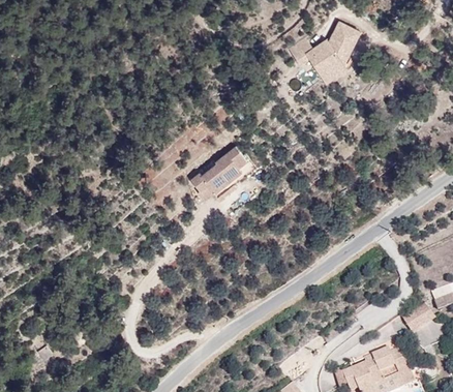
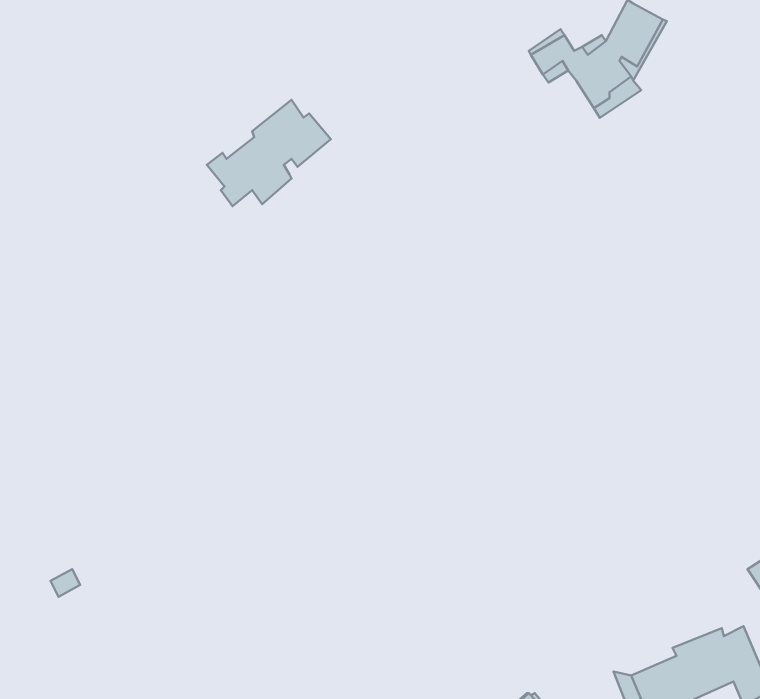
building: [191,145,256,201] -> [207,100,331,206]

